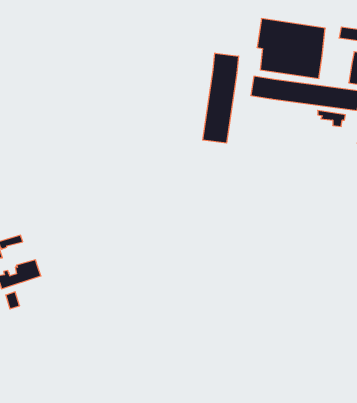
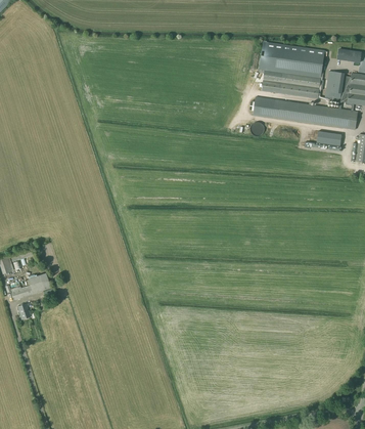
building: none -> [325,72,345,100]
building: [203,53,239,143] -> none

